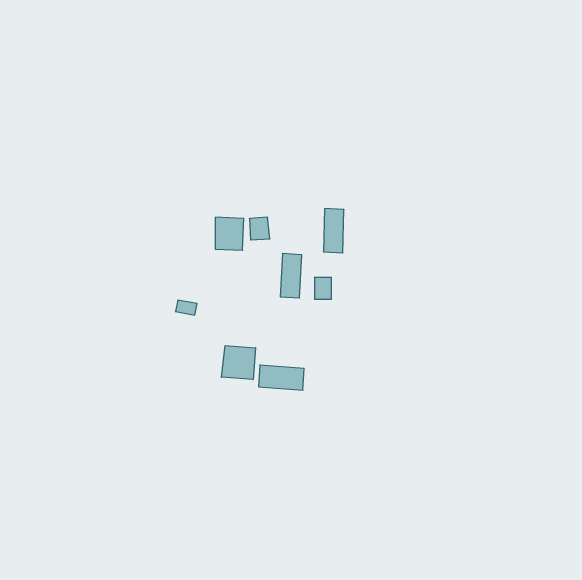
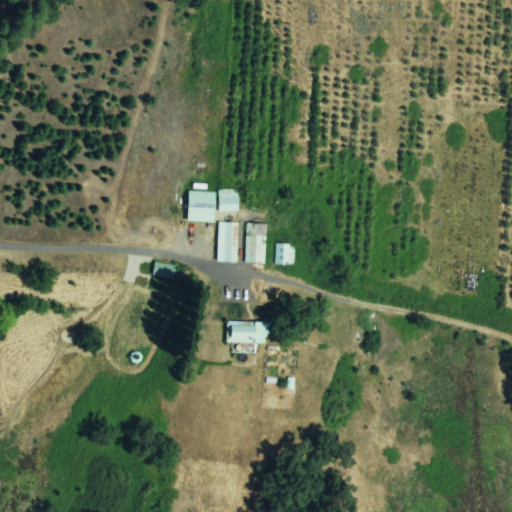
building: [323,209,344,253] -> [219,222,237,261]
building: [221,346,256,380] -> none

